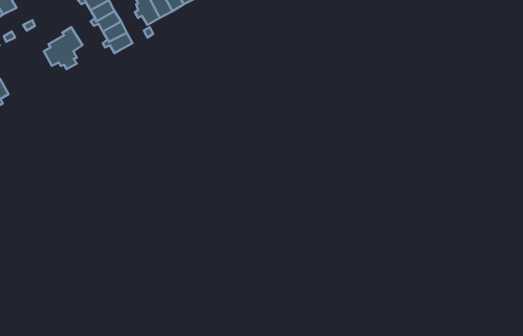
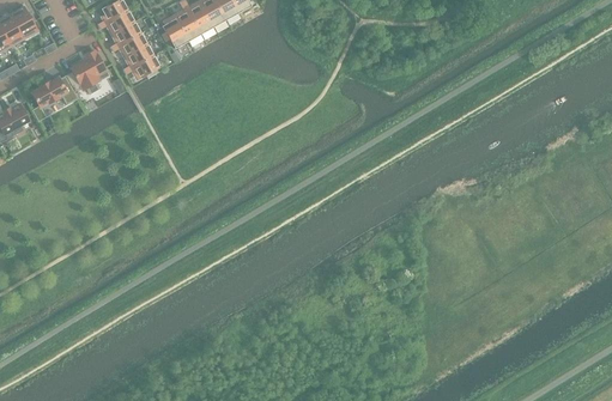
building: none -> [30,74,78,107]

